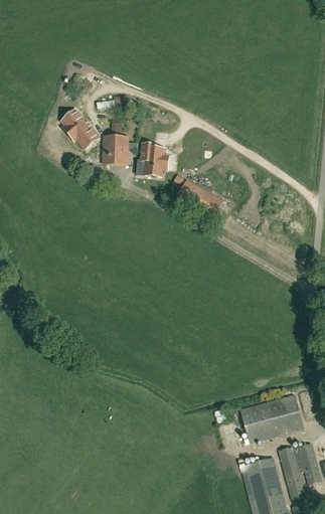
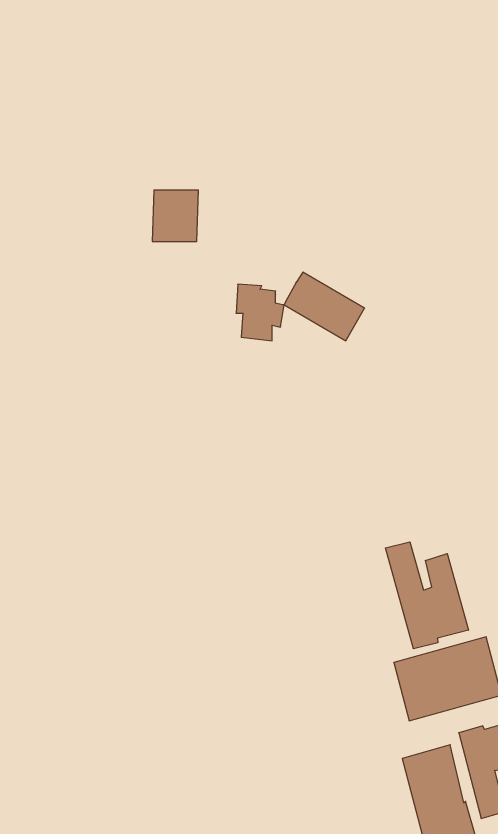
building: [61,110,99,150] -> none
building: [141,144,169,177] -> [236,284,284,341]
building: none -> [385,542,468,649]

